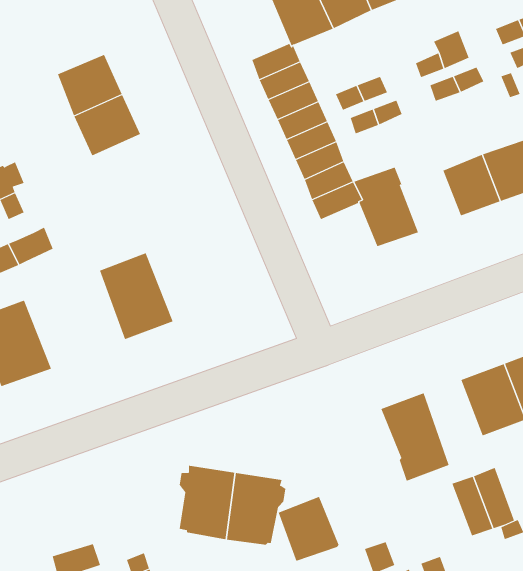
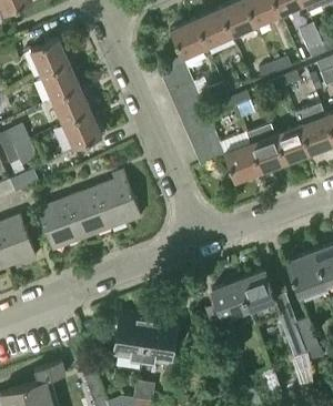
building: none -> [29,39,69,77]
building: none -> [61,113,101,152]
building: none -> [250,135,286,173]
building: none -> [94,170,141,227]
building: none -> [36,196,81,250]
building: [278,496,340,562] -> [212,281,250,321]

